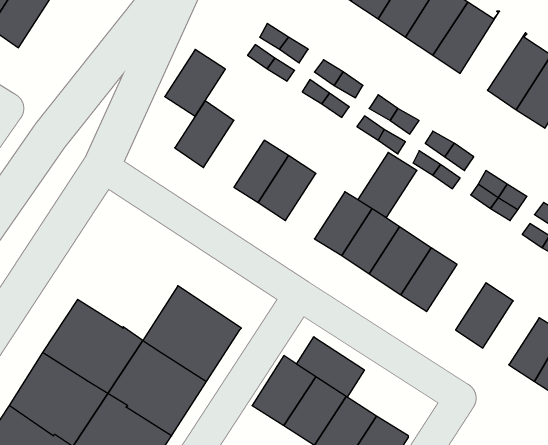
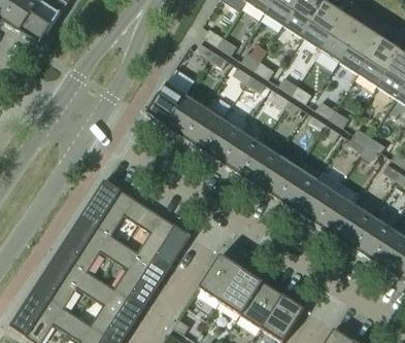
building: none -> [339,20,383,73]
building: [165,49,225,116] -> [165,94,206,139]
building: [358,152,417,218] -> [221,130,261,174]
building: none -> [79,178,147,243]
building: none -> [316,192,357,236]
building: none -> [355,216,393,260]
building: [297,337,364,397] -> none

